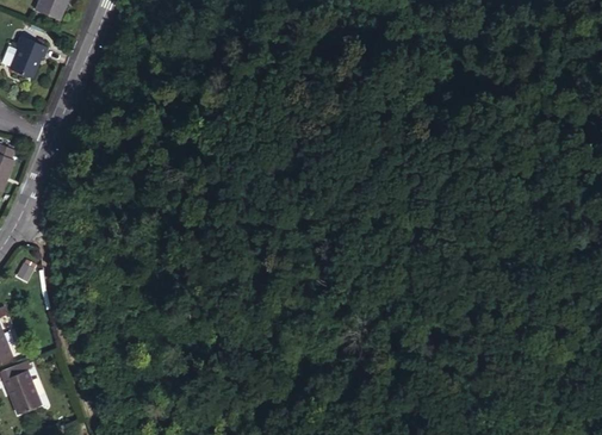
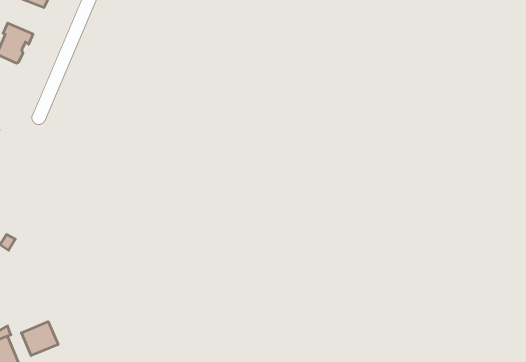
building: none -> [21,322,58,356]

